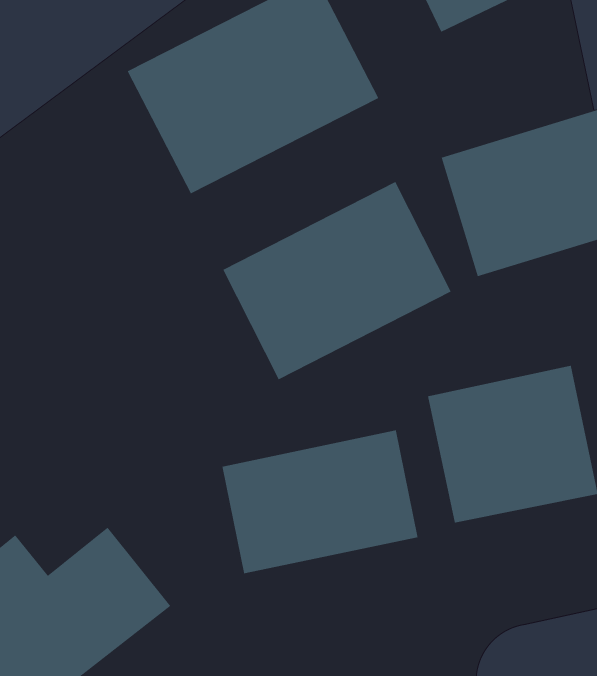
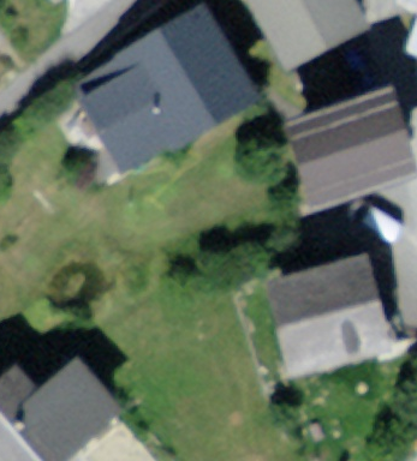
building: [222,181,452,380] -> none
building: [222,430,418,574] -> none

